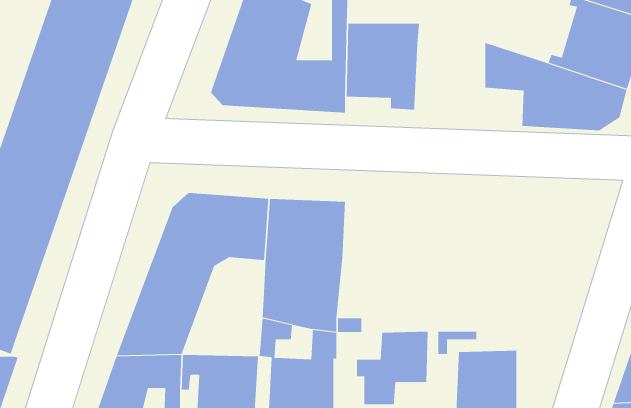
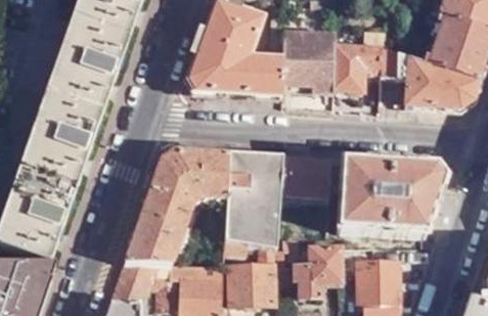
building: none -> [330,45,379,97]
building: none -> [280,155,331,197]
building: none -> [339,160,443,234]

